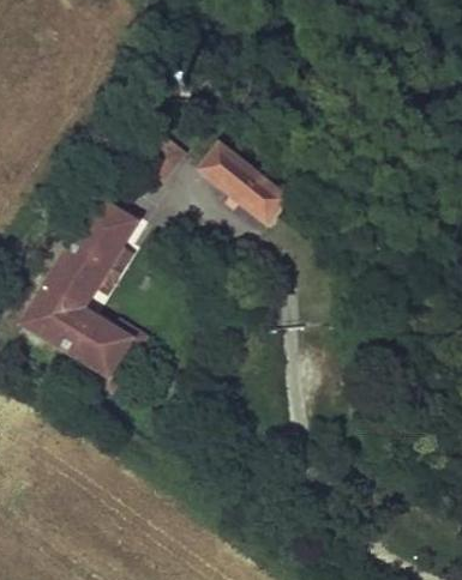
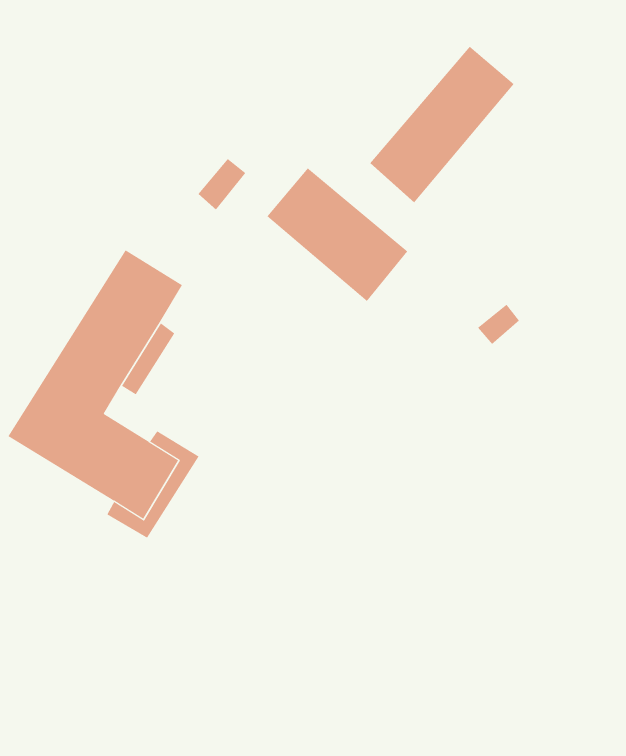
building: none -> [369,46,515,203]

